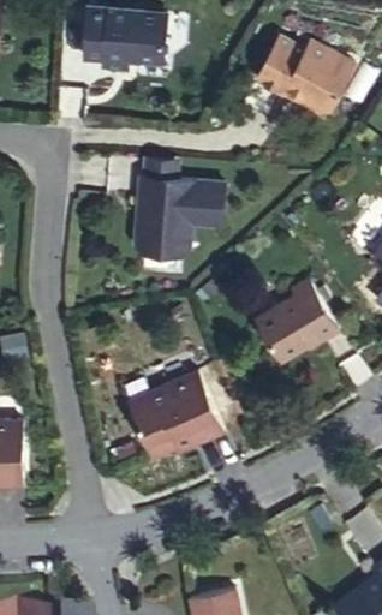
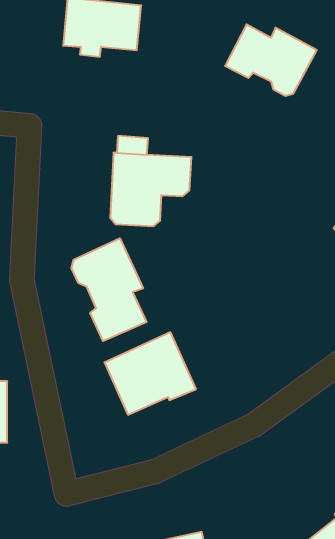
building: none -> [72,238,147,341]
building: [257,281,341,362] -> none

